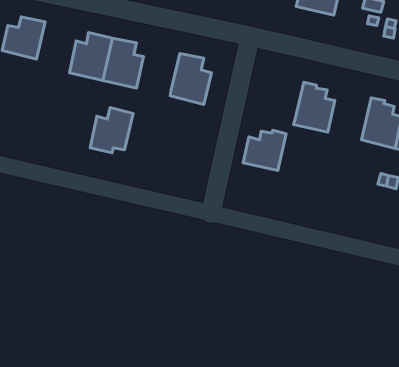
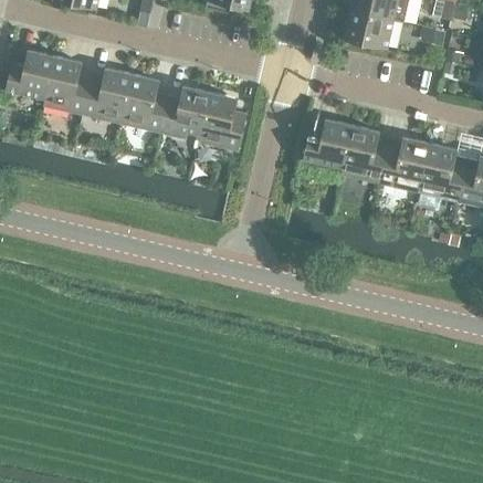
building: none -> [42,55,90,114]
building: none -> [379,139,429,191]
building: [90,108,133,153] -> [159,85,209,137]
building: [243,130,286,171] -> [302,120,351,167]

